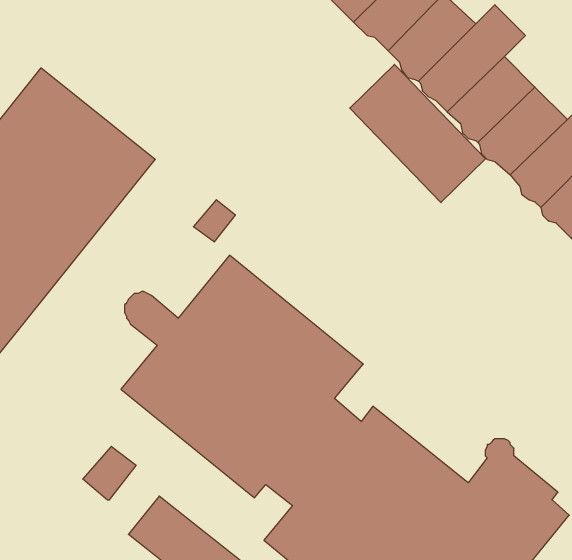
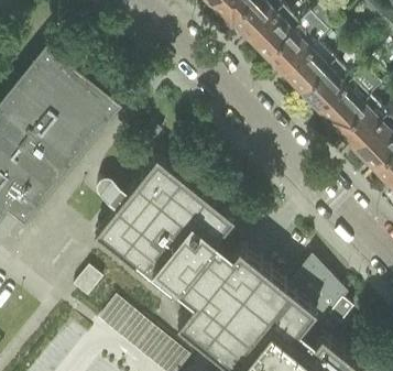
building: [350,64,486,203] -> none

